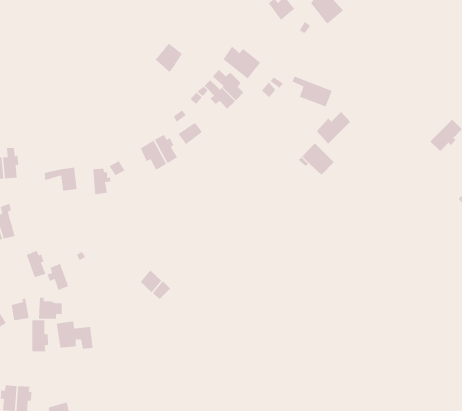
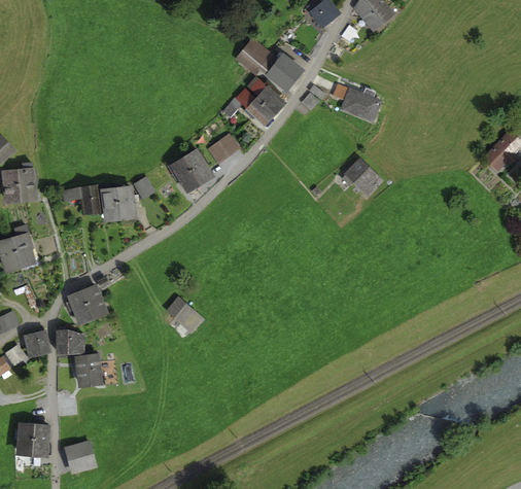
building: [155,43,183,73] -> [238,41,269,74]
building: [316,111,351,144] -> none
building: none -> [100,185,118,218]
building: [26,250,47,278] -> [81,286,104,317]
building: [31,319,49,352] -> none

